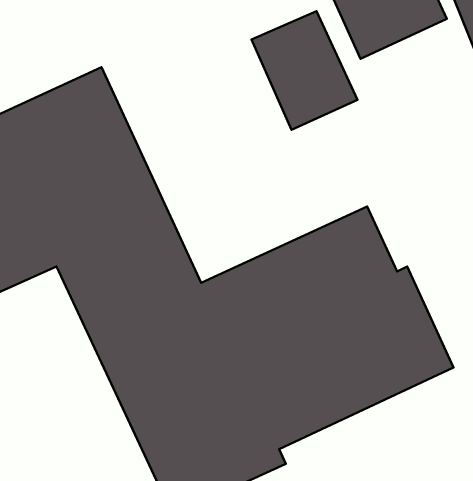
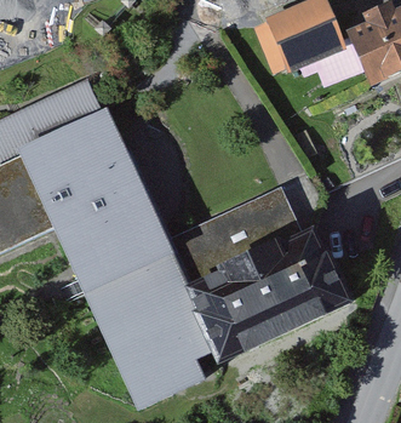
building: [252,11,357,130] -> none

